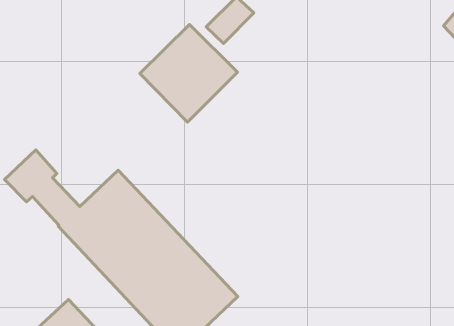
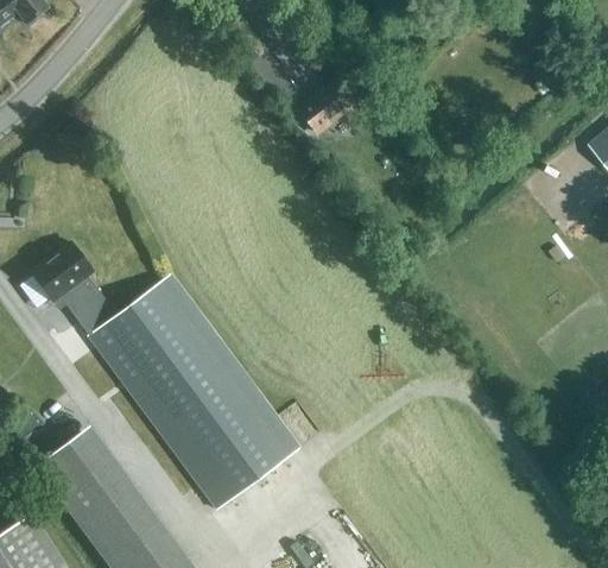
building: [140,25,237,122] -> none

